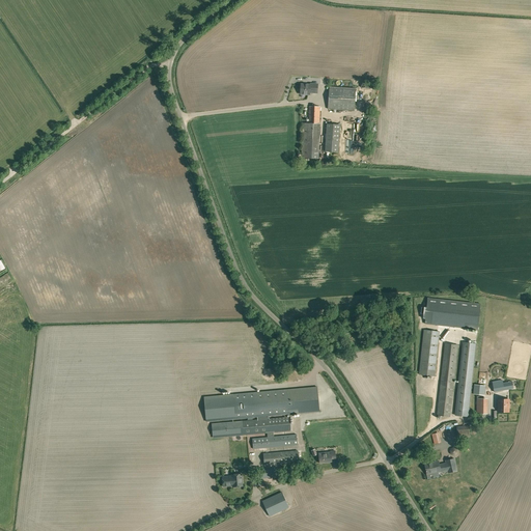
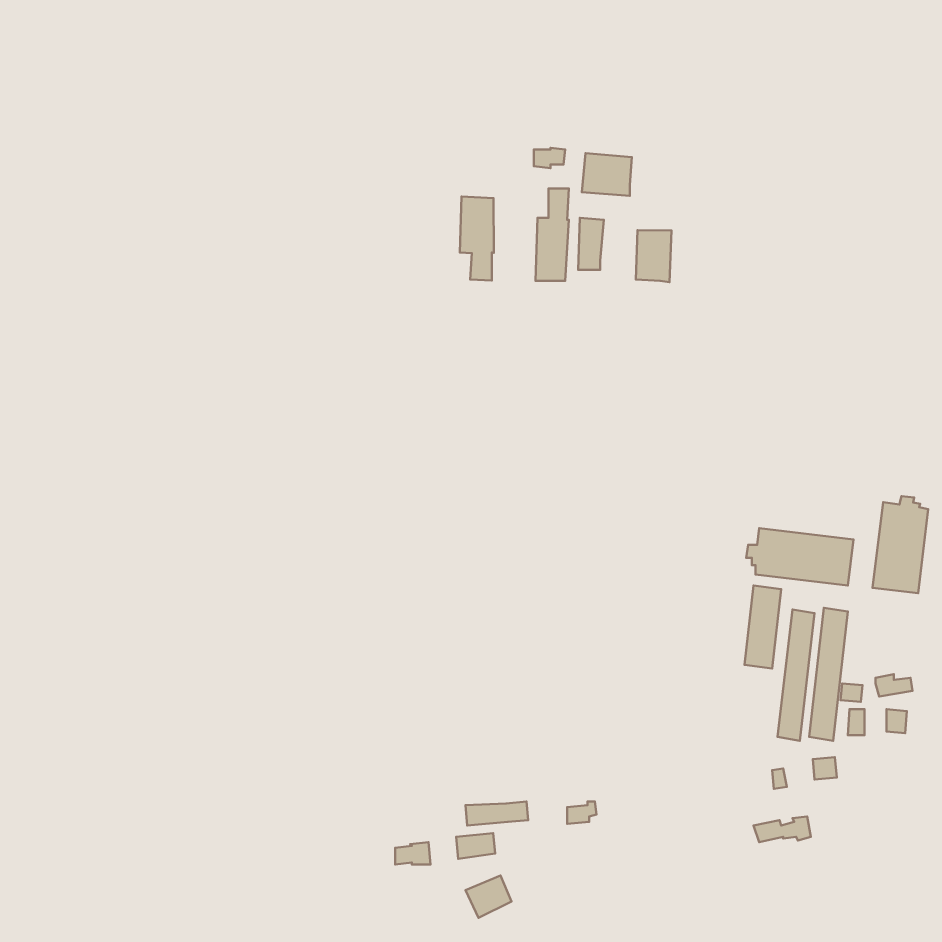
building: none -> [460,196,494,281]
building: none -> [636,230,671,282]
building: none -> [873,496,928,593]
building: [203,385,318,447] -> none

